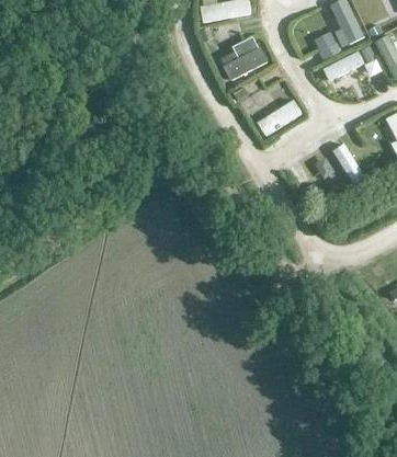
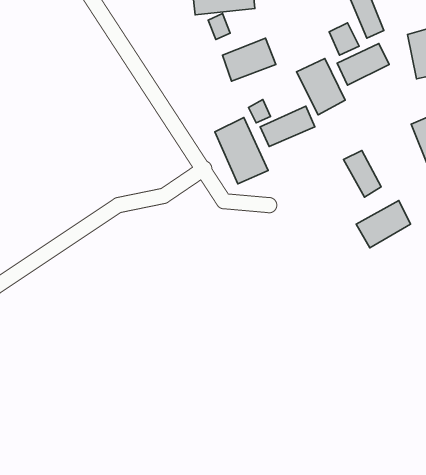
building: none -> [297,58,345,115]
building: none -> [215,118,268,184]
building: none -> [356,201,411,248]

